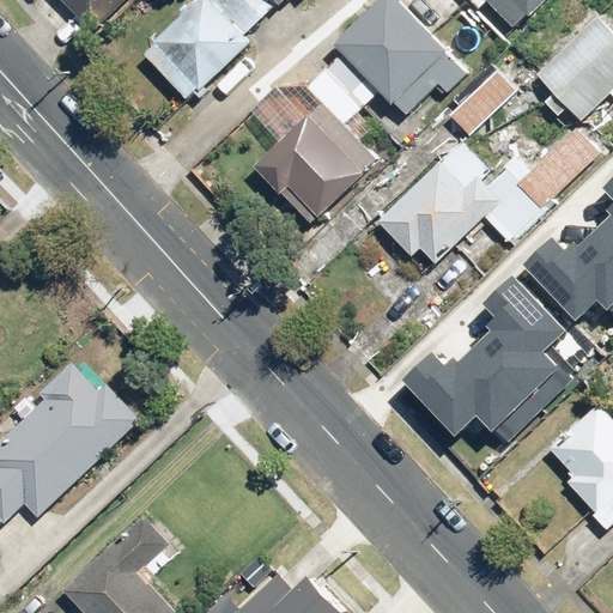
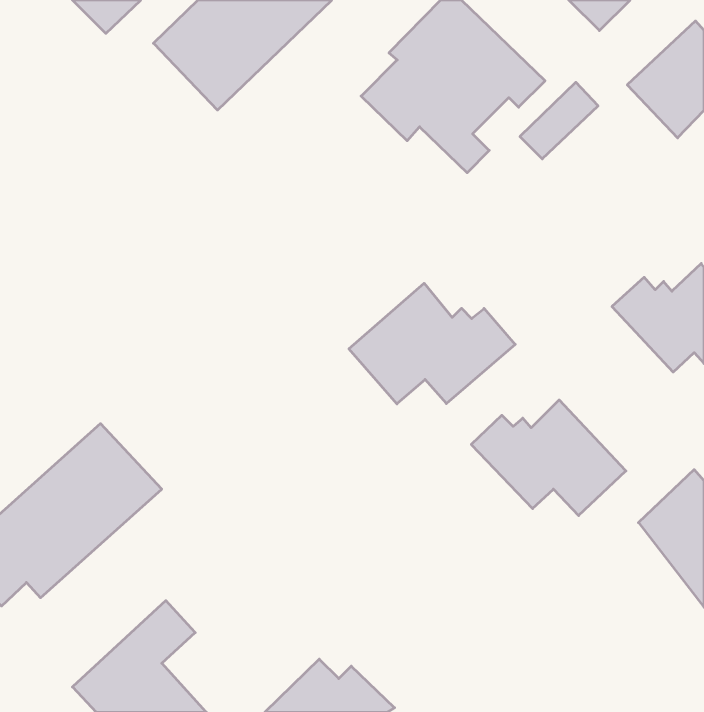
building: [259,102,381,223] -> none
building: [380,131,596,263] -> none
building: none -> [349,283,515,404]
building: [480,272,579,405] -> none

